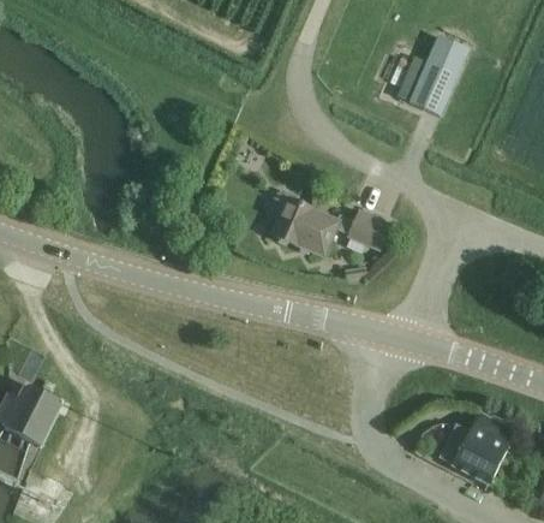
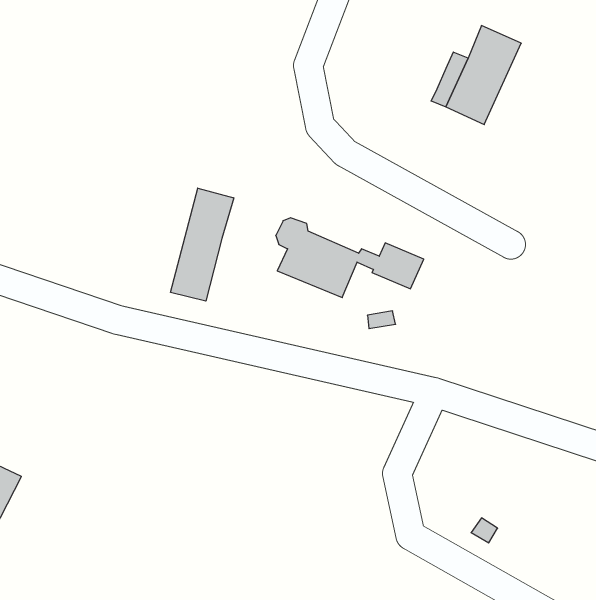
building: none -> [171,188,234,301]
building: [450,411,514,482] -> none

